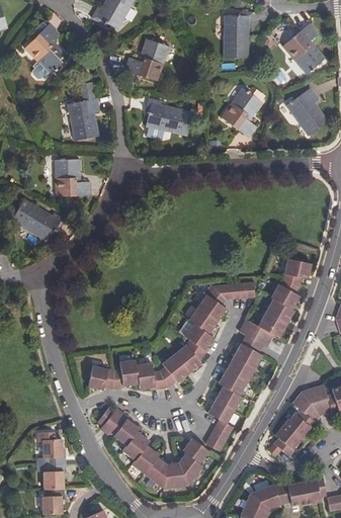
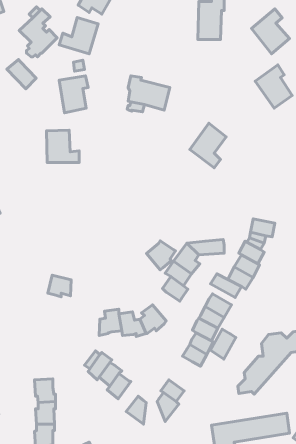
building: [124,40,168,81] -> [59,18,98,54]
building: none -> [7,60,36,89]
building: [221,86,261,136] -> [190,123,226,168]
building: [12,198,66,242] -> none
building: [173,340,205,372] -> [147,241,176,270]
building: [88,365,114,390] -> [48,275,71,297]
building: [204,418,233,451] -> [210,329,236,359]
building: [131,444,158,473] -> none
building: [163,462,187,488] -> none

